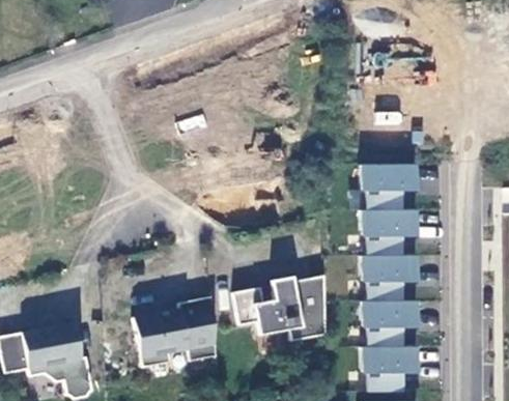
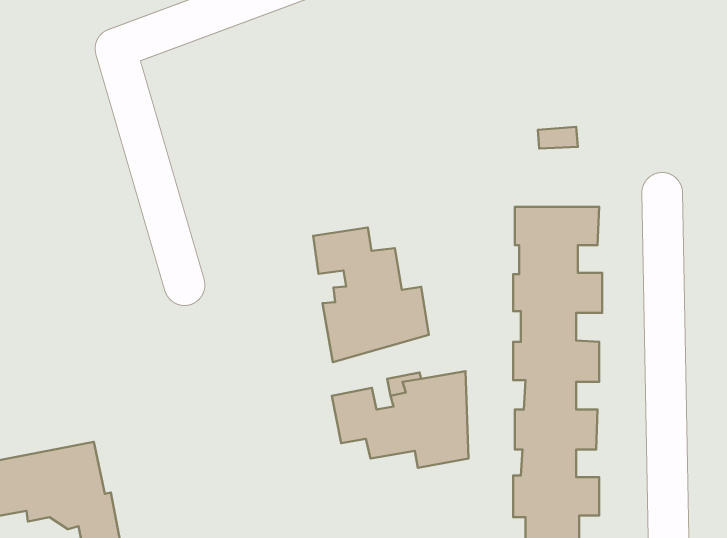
building: none -> [313,228,429,362]
building: [136,296,219,367] -> none

